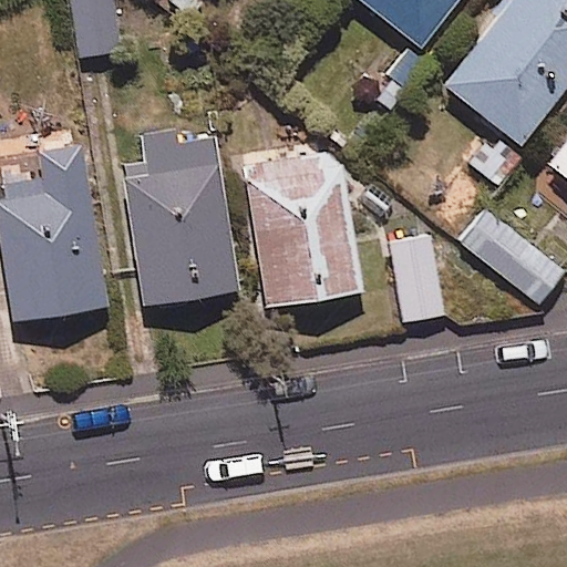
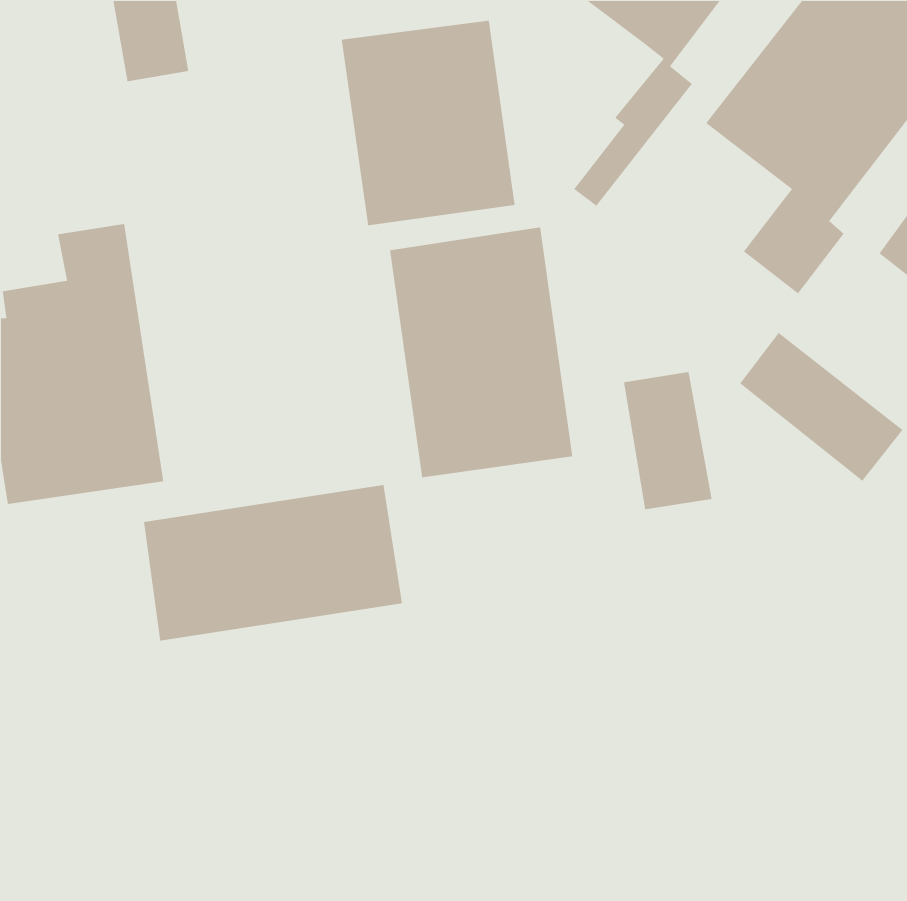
building: none -> [341,20,516,226]
building: [125,132,237,303] -> none
building: none -> [143,484,403,642]

